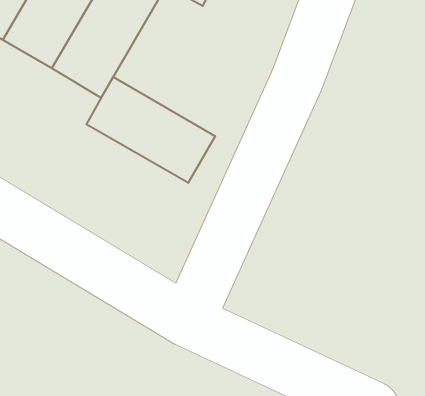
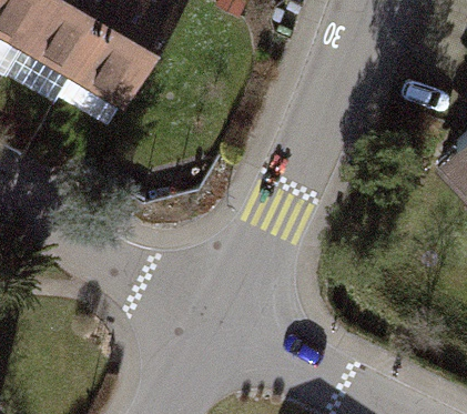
building: [87,77,215,183] -> none

